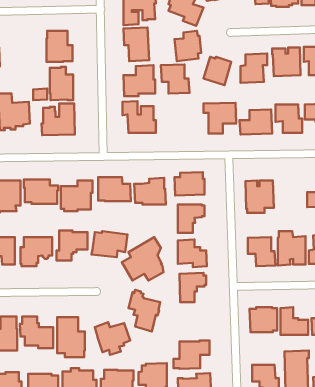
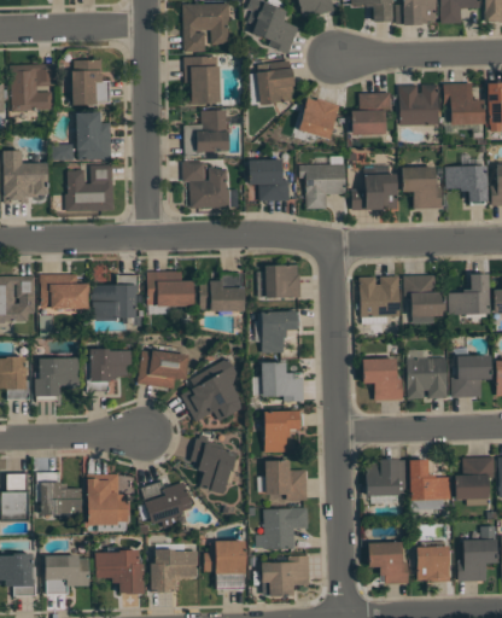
building: none -> [11,64,57,112]
building: [161,64,189,94] -> [249,159,290,202]
building: none -> [403,275,445,323]
building: none -> [265,460,307,501]

